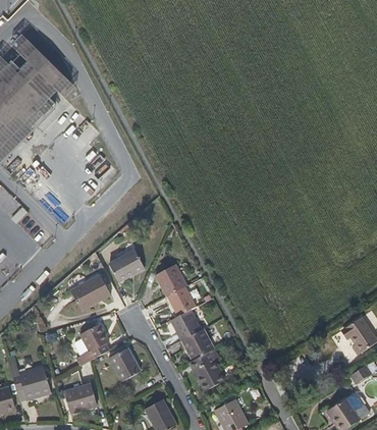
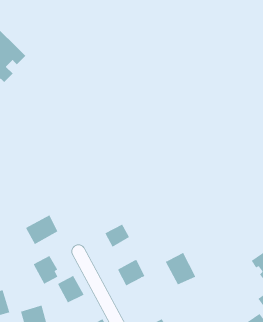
building: [108,249,144,282] -> none
building: [154,265,186,297] -> none
building: [169,309,201,340] -> none
building: [187,351,225,390] -> [165,252,196,285]

